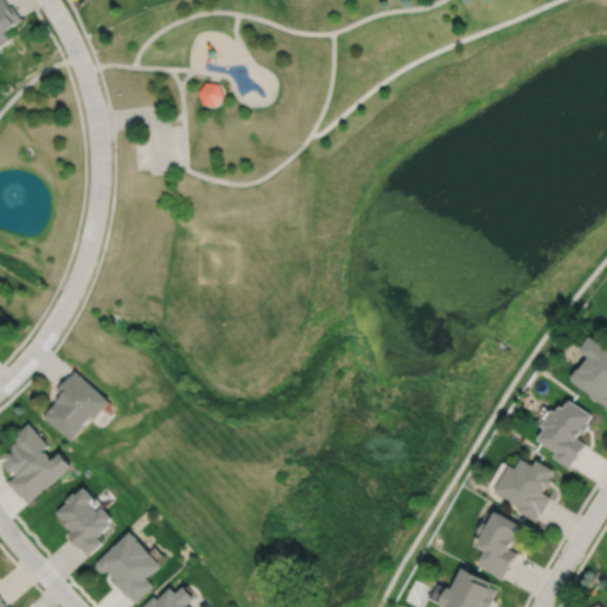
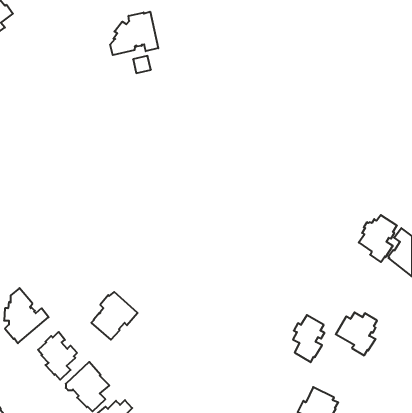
building: none -> [110,12,158,55]
building: [43,371,110,441] -> [91,292,138,340]
building: [533,400,589,468] -> [359,215,397,262]
building: [473,511,519,580] -> [293,315,325,362]

